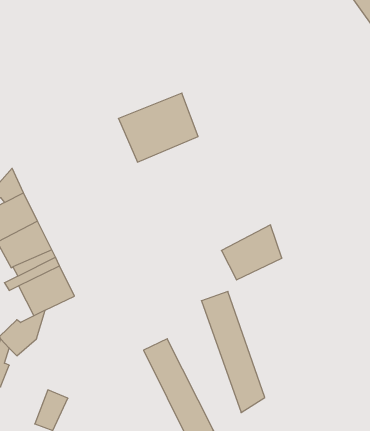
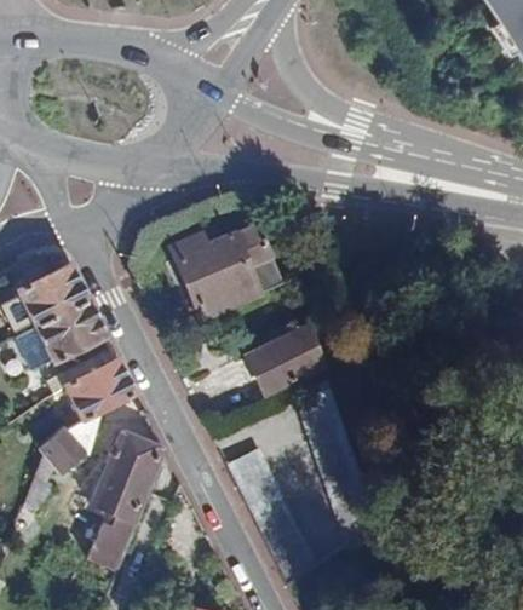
building: [118,93,198,162] -> [178,224,280,312]
building: [221,225,282,280] -> [247,323,324,393]
building: none -> [93,431,162,519]

